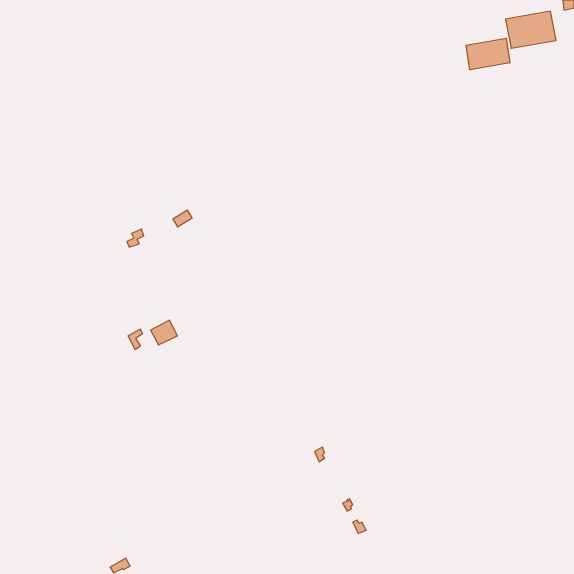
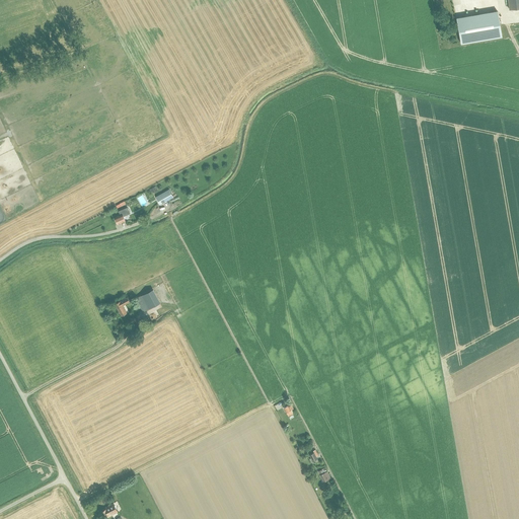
building: [466,38,510,70] -> none

